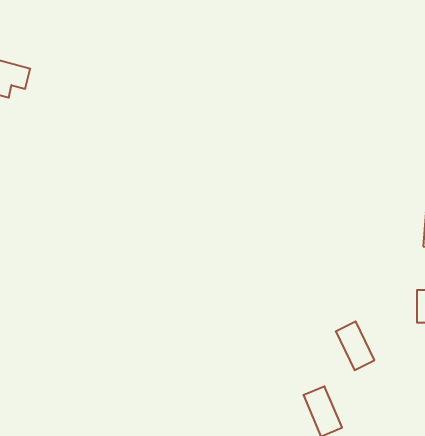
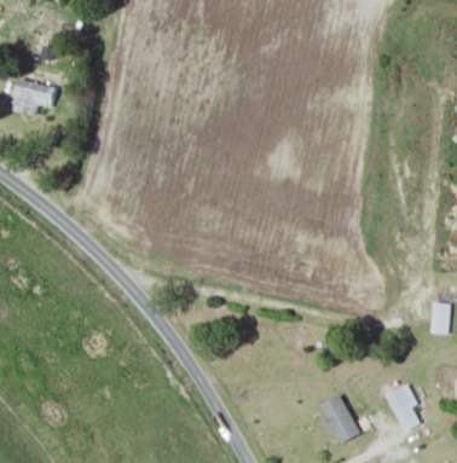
building: [336,321,374,370] -> [384,383,422,430]

